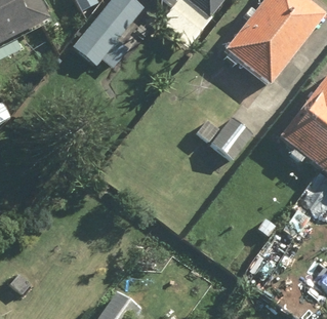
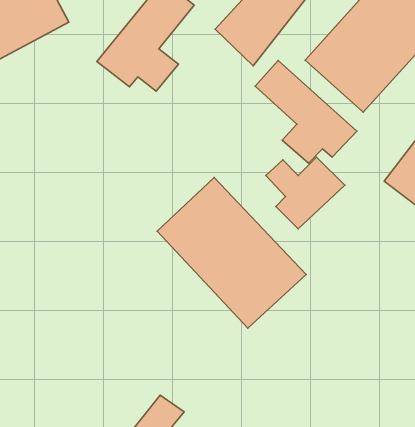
building: none -> [255,60,357,163]
building: none -> [157,178,306,328]

